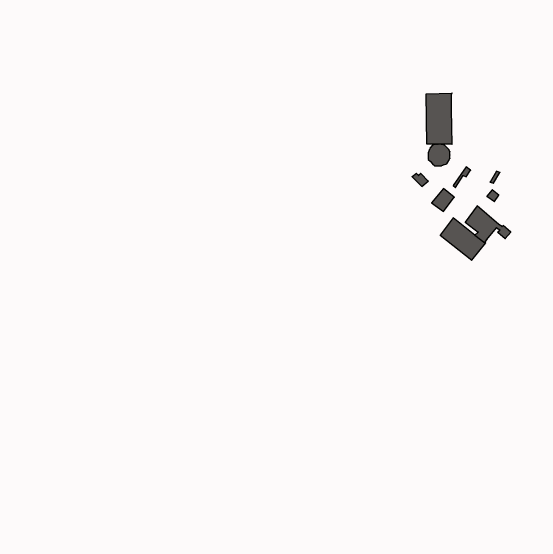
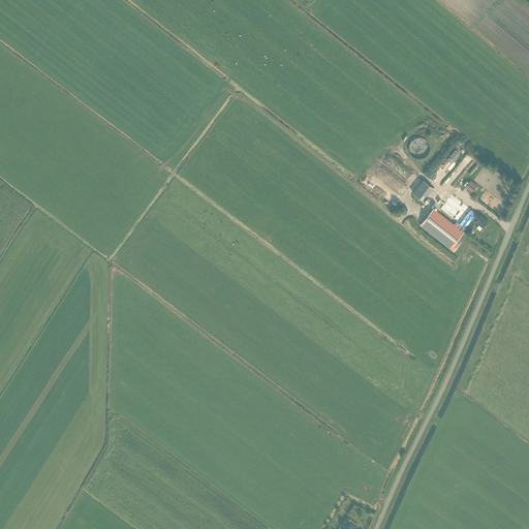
building: [426,93,452,144] -> none

